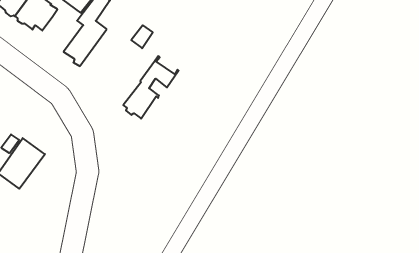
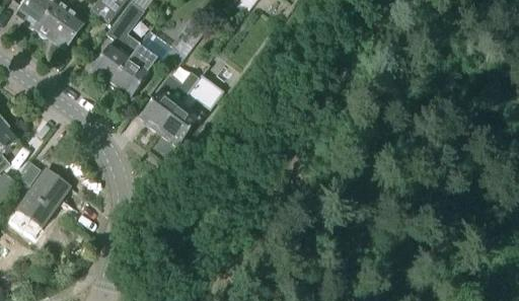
building: none -> [109,42,161,96]
building: none -> [140,75,195,129]

